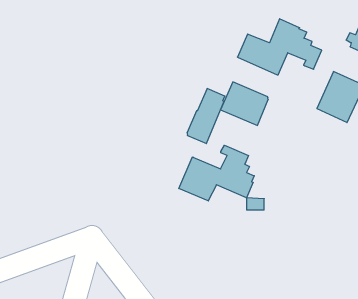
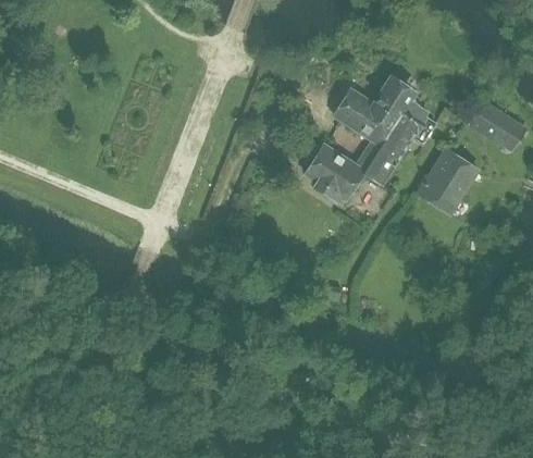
building: [187,89,225,144] -> [361,120,412,184]
building: [179,145,254,201] -> none

